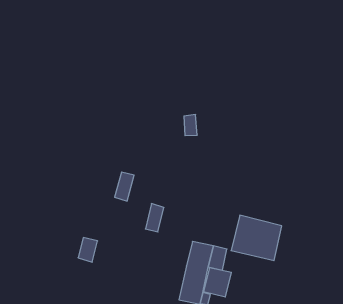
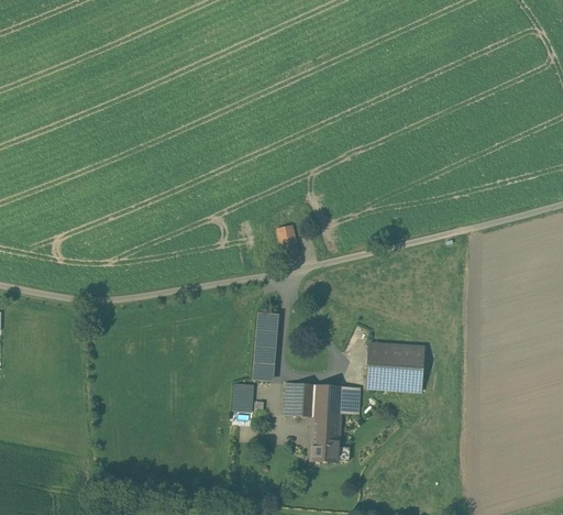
building: [115,172,134,201] -> [255,313,275,348]
building: [78,238,98,262] -> [232,383,253,412]
building: [204,268,231,297] -> [284,383,314,416]

